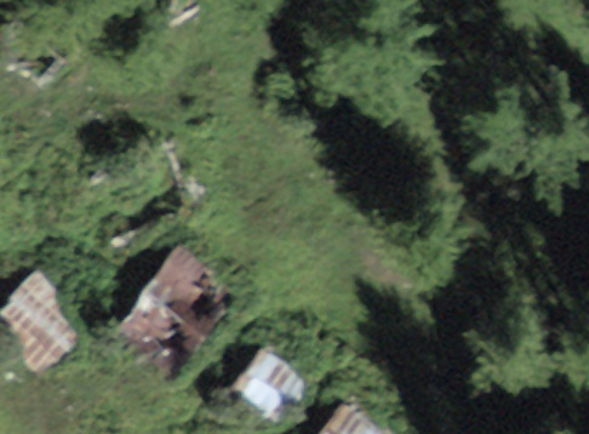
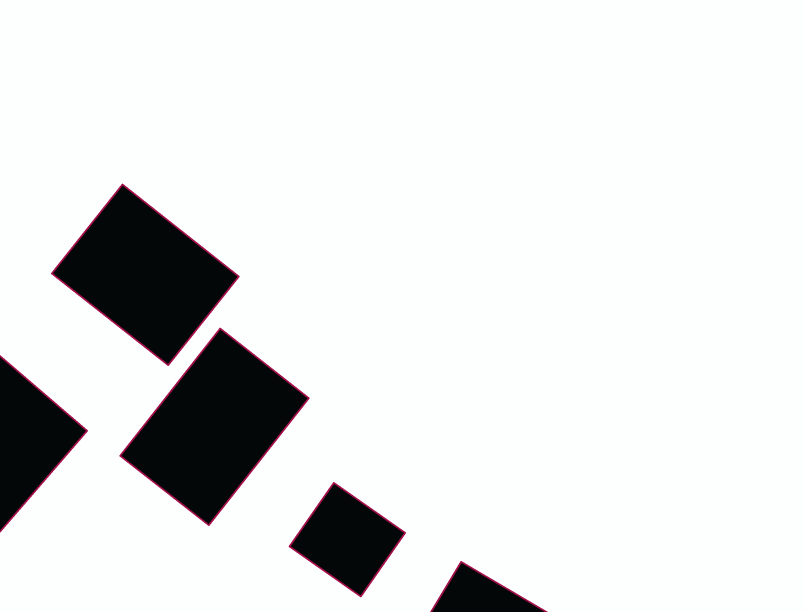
building: none -> [52,185,239,365]

